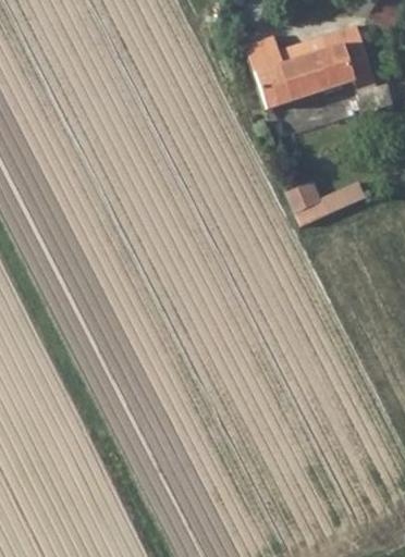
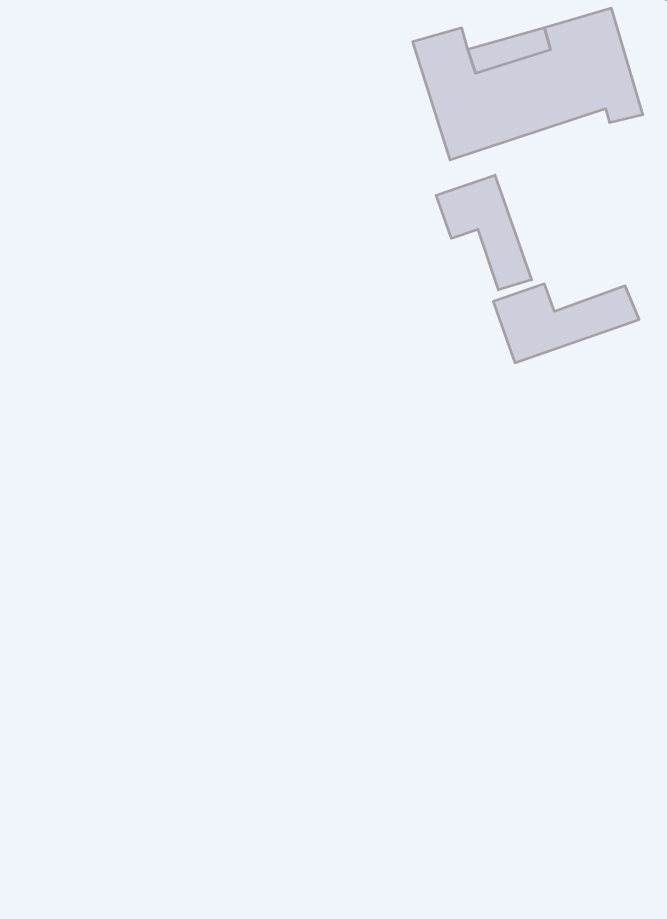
building: none -> [436,175,532,290]

